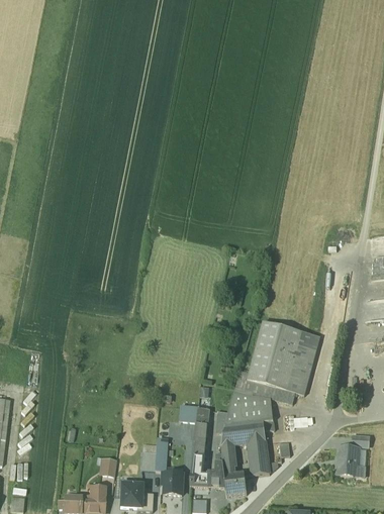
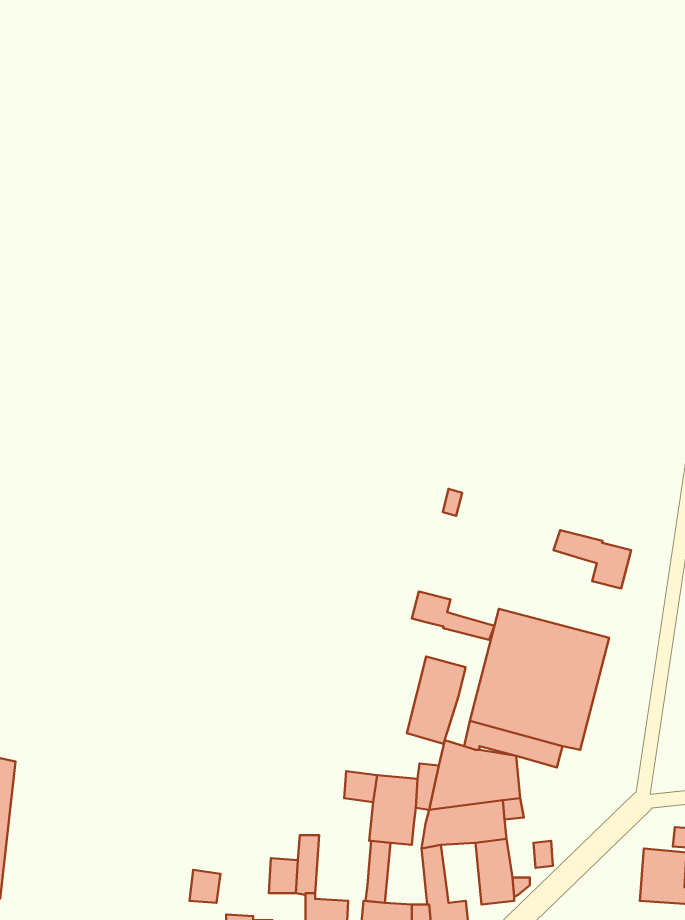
building: none -> [554,530,631,588]
building: none -> [412,591,494,640]
building: none -> [407,656,465,744]

